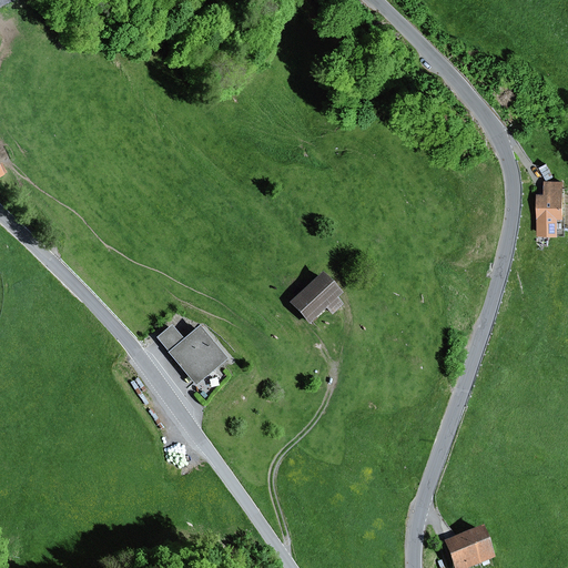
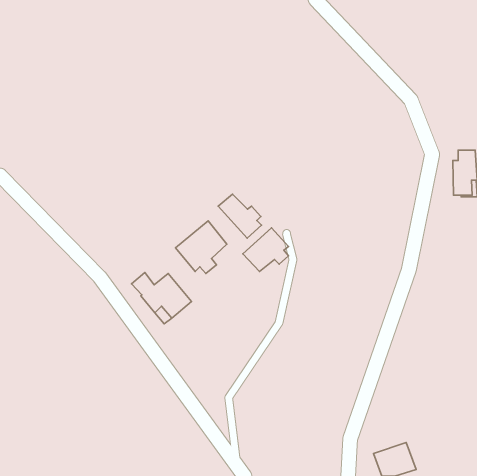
building: none -> [218,194,262,238]
building: none -> [176,221,227,274]

